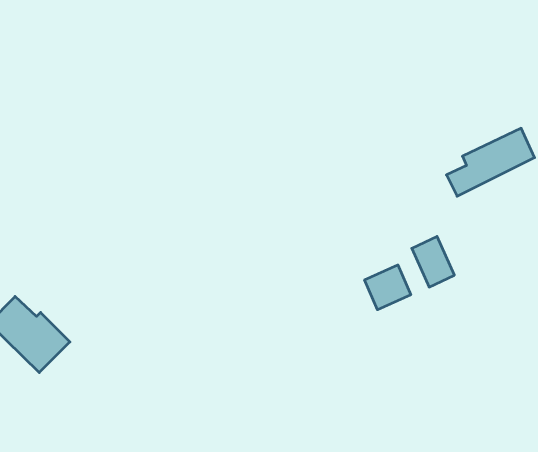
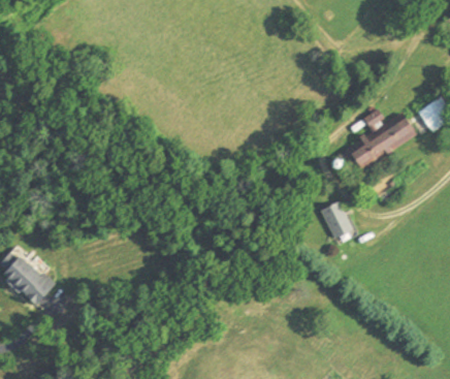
building: [365,265,411,310] -> none

